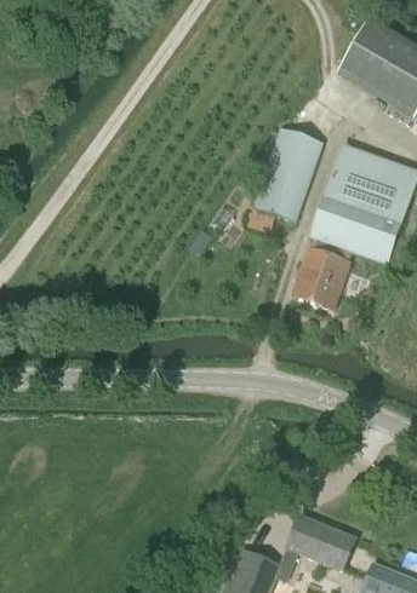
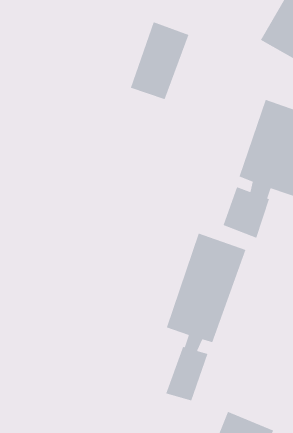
building: [252,127,324,221] -> [130,21,190,100]
building: none -> [165,233,246,402]

